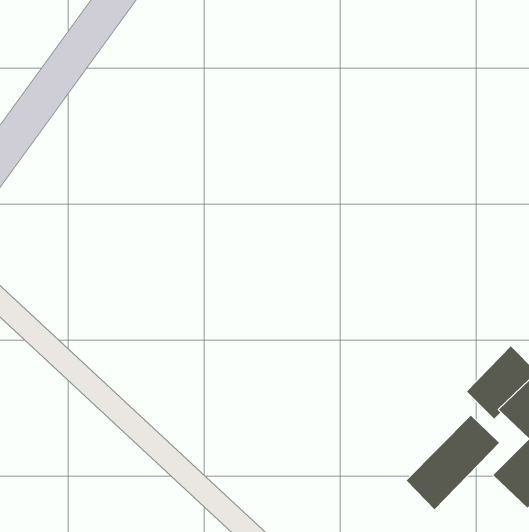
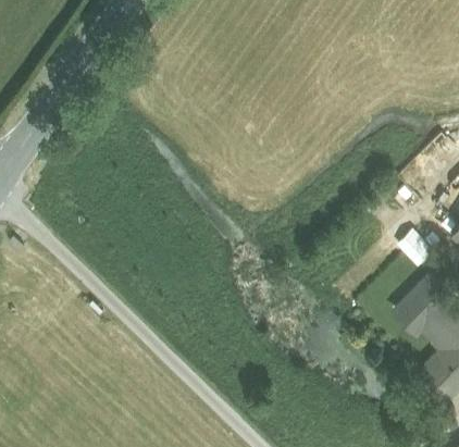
building: [406,415,500,510] -> none

